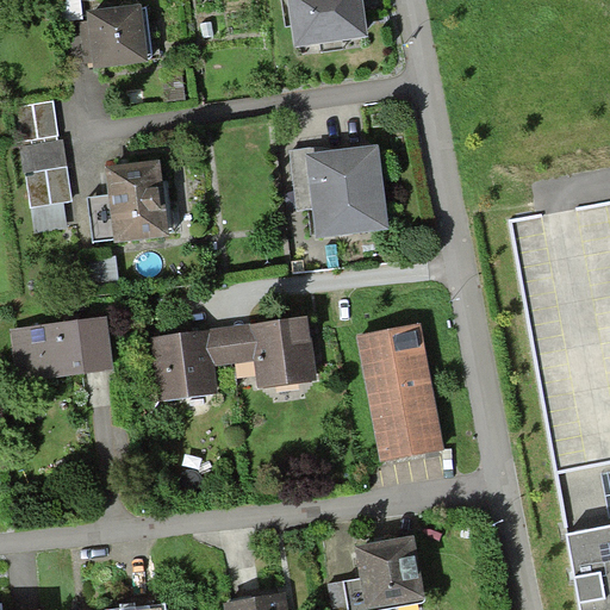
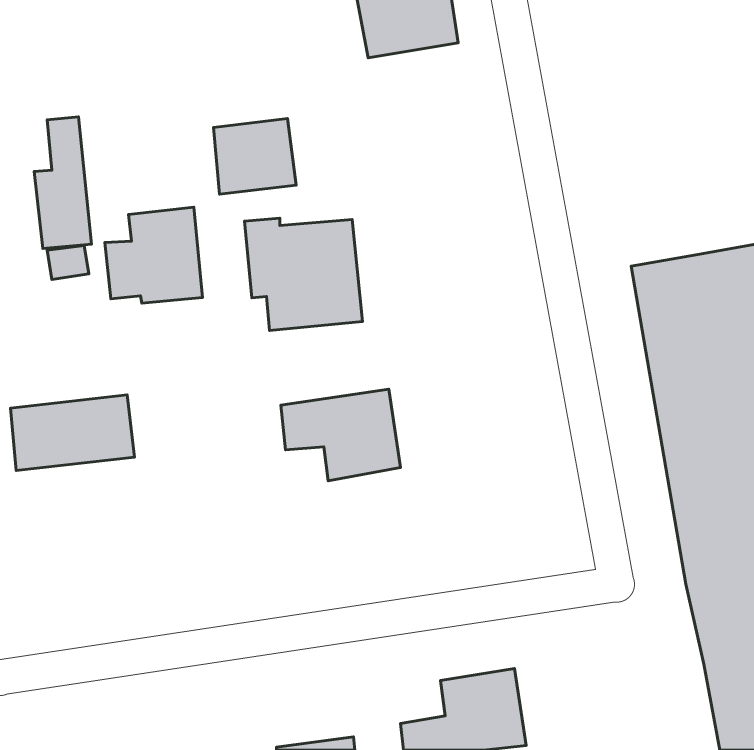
building: [88,5,155,66] -> [213,119,296,194]
building: [291,145,386,236] -> [244,218,363,331]
building: [360,323,446,460] -> none
building: [148,326,231,400] -> none

